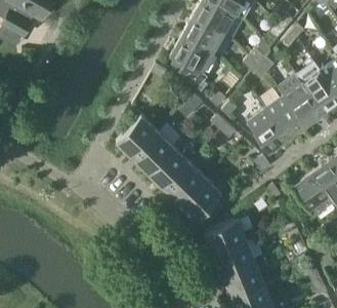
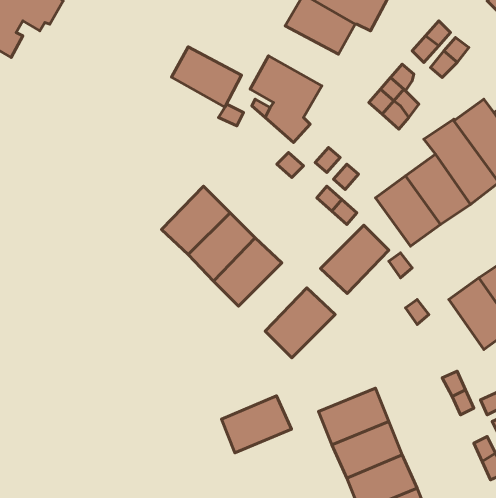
building: [181,16,224,53] -> [171,47,242,107]
building: [163,162,205,204] -> [321,225,389,294]
building: [204,219,247,254] -> [221,396,291,453]

